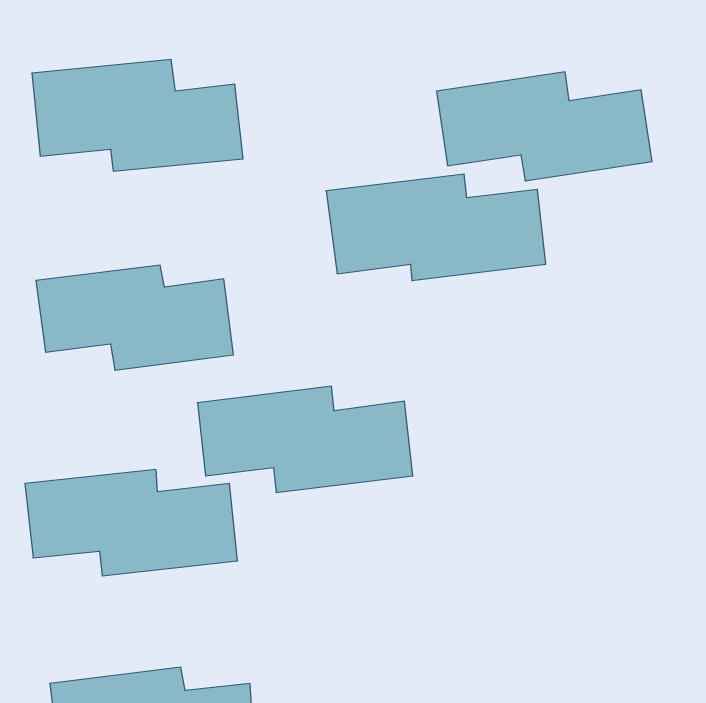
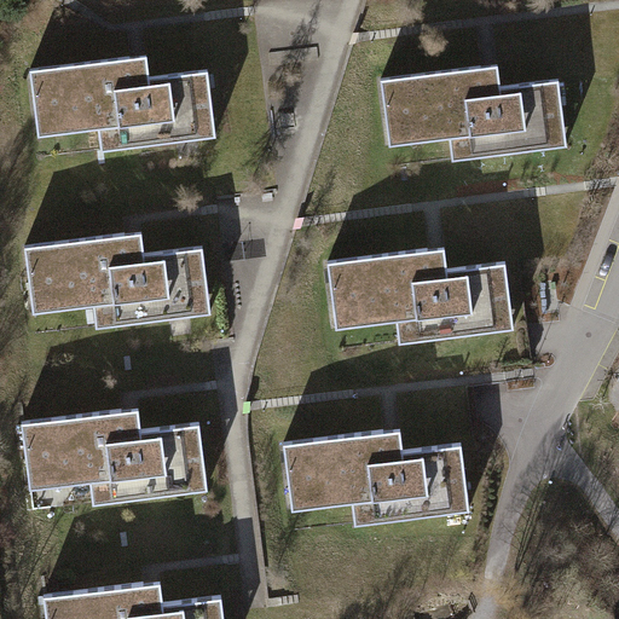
building: [326,174,546,281] -> [324,249,516,342]
building: [197,386,413,492] -> [282,432,470,525]

